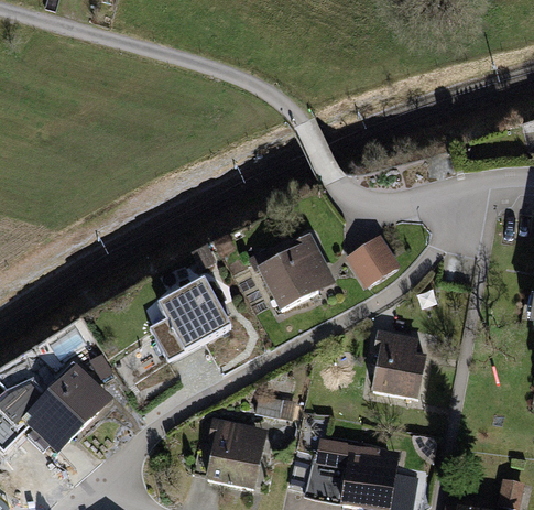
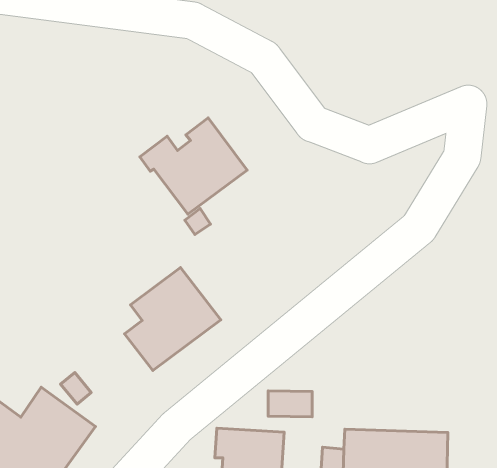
building: [248,232,335,310] -> [140,118,247,214]
building: [346,235,401,287] -> none
building: [372,330,427,402] -> none

